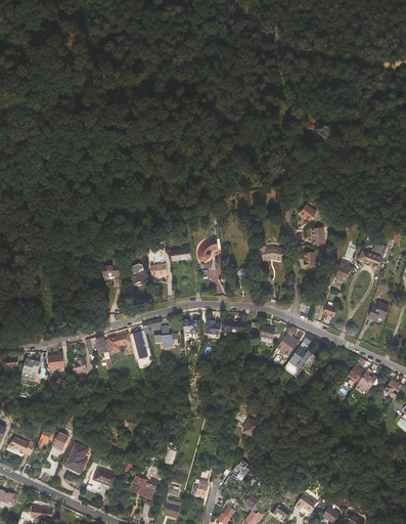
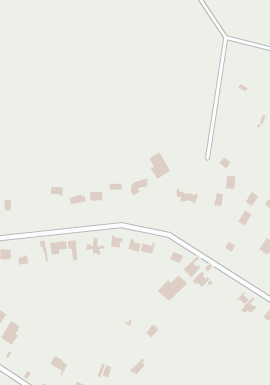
building: none -> [149,151,171,180]
building: none -> [157,274,188,302]
building: [87,466,118,491] -> none

